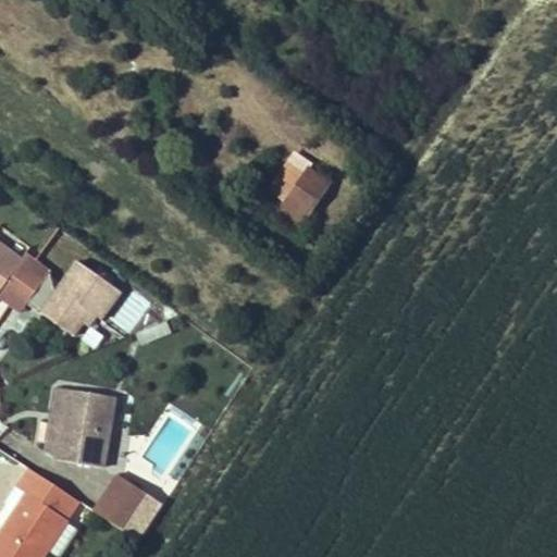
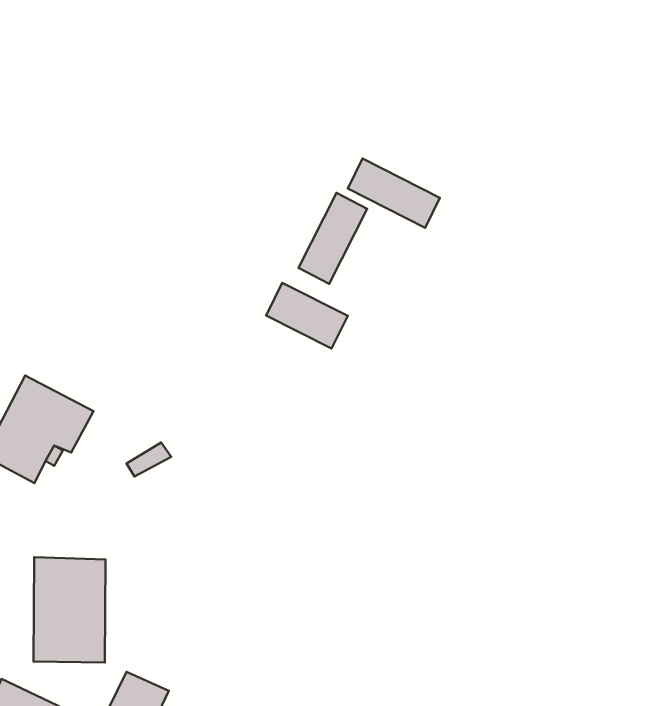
building: none -> [348,159,440,228]
building: none -> [266,283,348,349]

